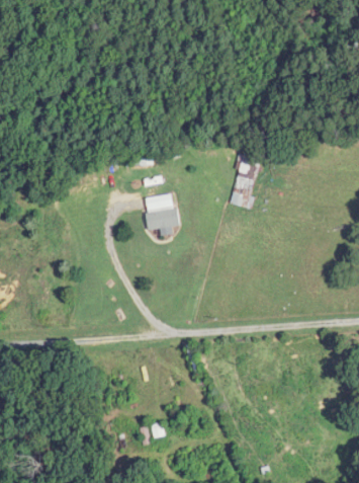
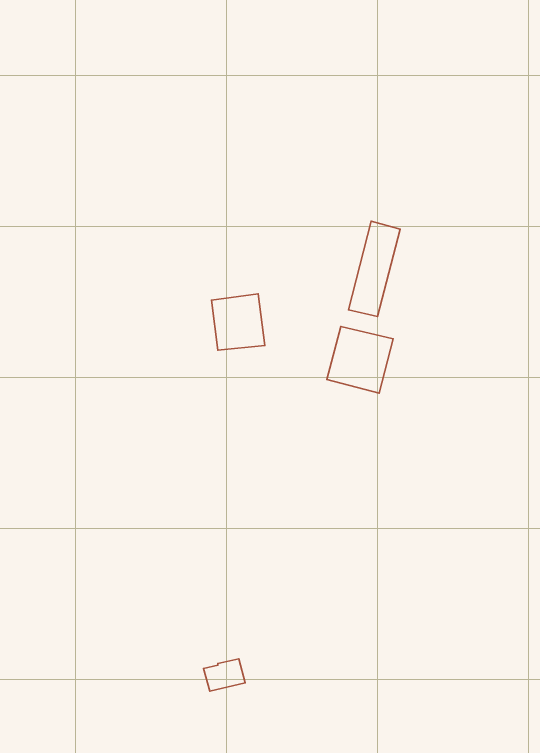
building: none -> [327,326,393,393]

